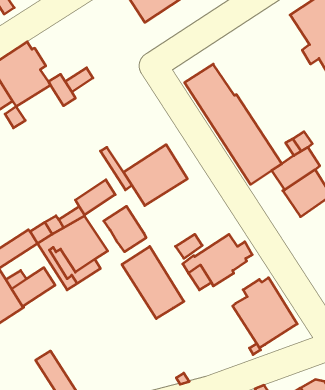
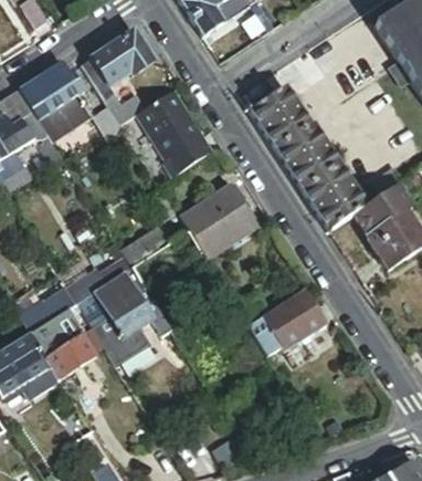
building: none -> [81,31,152,97]
building: none -> [136,91,212,178]
building: [104,206,146,252] -> none
building: [122,246,184,319] -> none
building: [233,278,297,348] -> none

